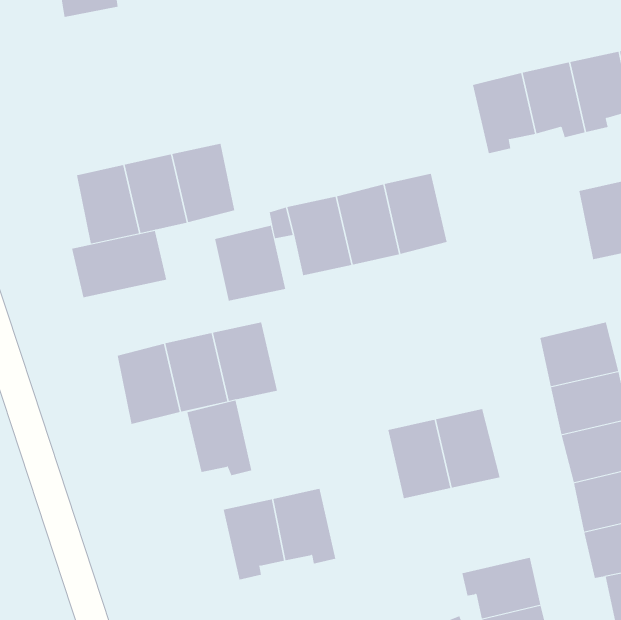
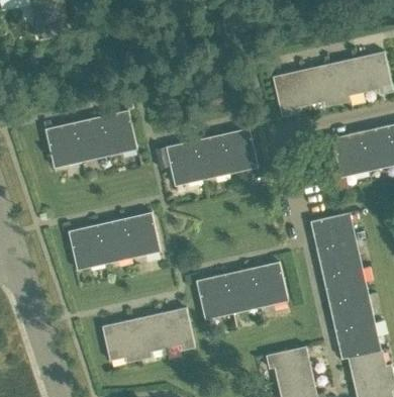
building: [215,225,286,302] -> none
building: [72,230,167,298] -> none
building: [187,400,252,476] -> [101,319,138,363]
building: none -> [196,274,232,320]

